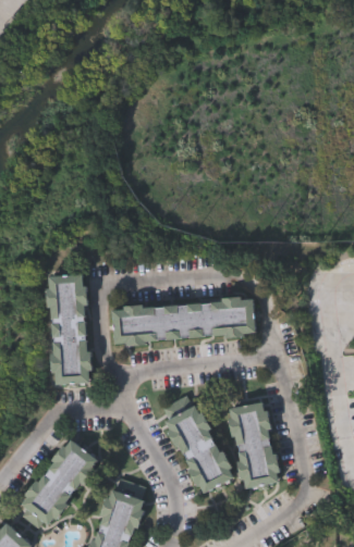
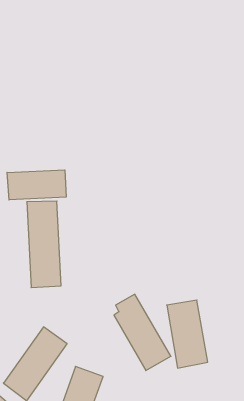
building: none -> [7,170,66,200]
building: [111,296,255,341] -> none

